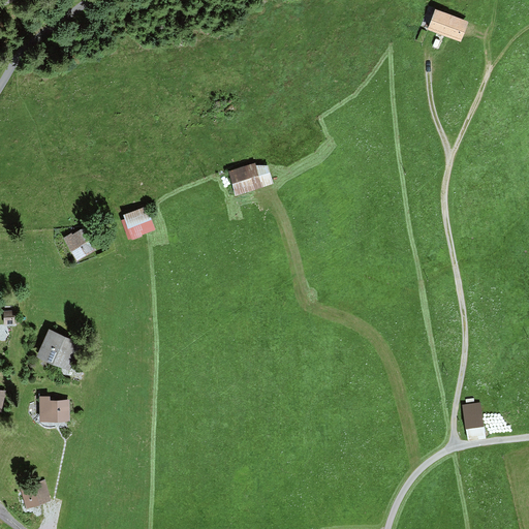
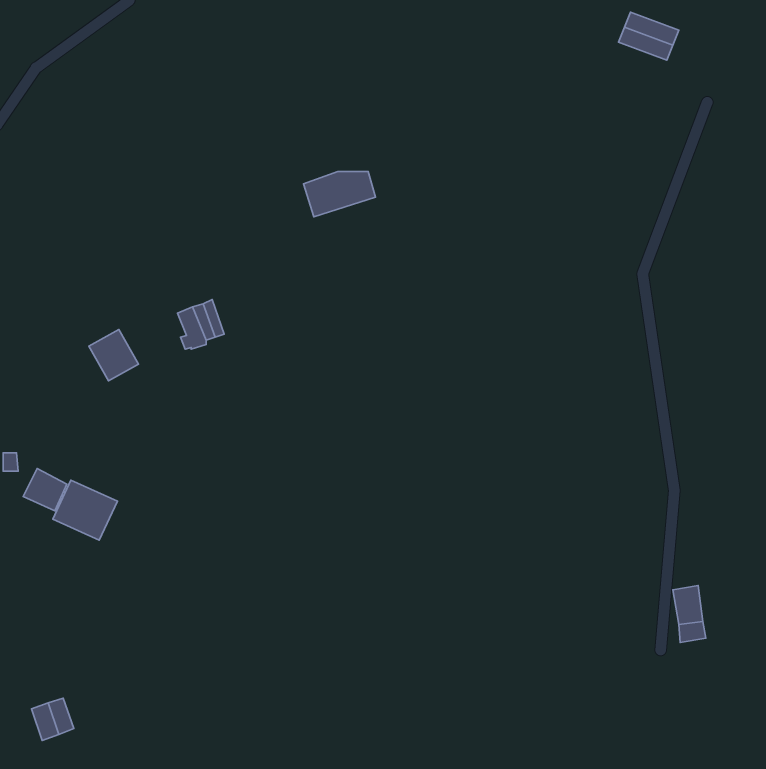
building: [226,162,276,193] -> [303,172,376,217]
building: none -> [23,469,67,511]
building: [38,396,68,422] -> none

